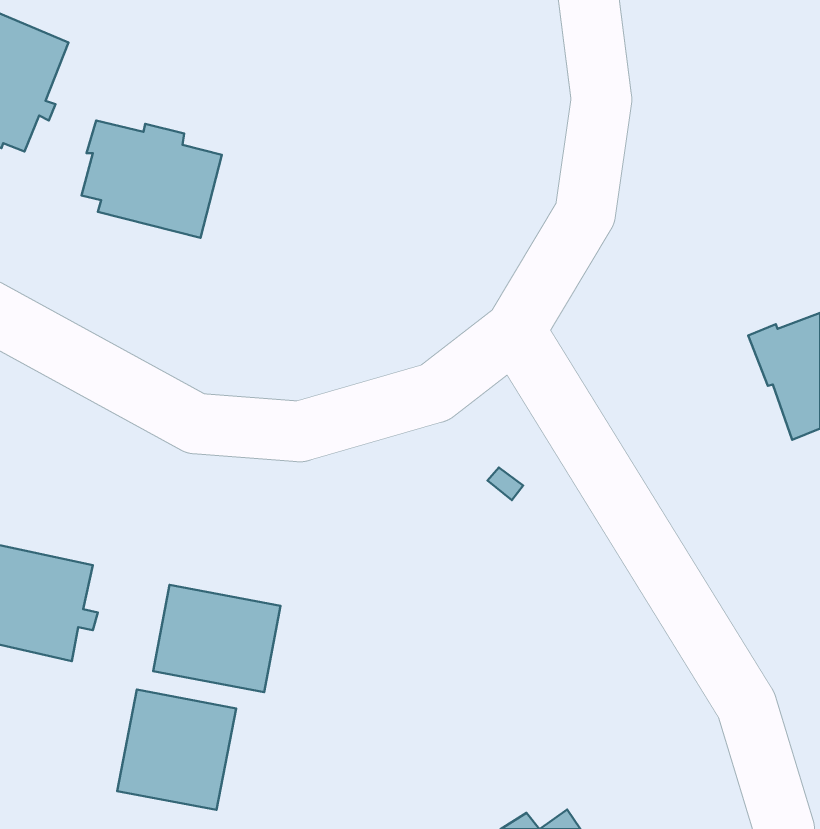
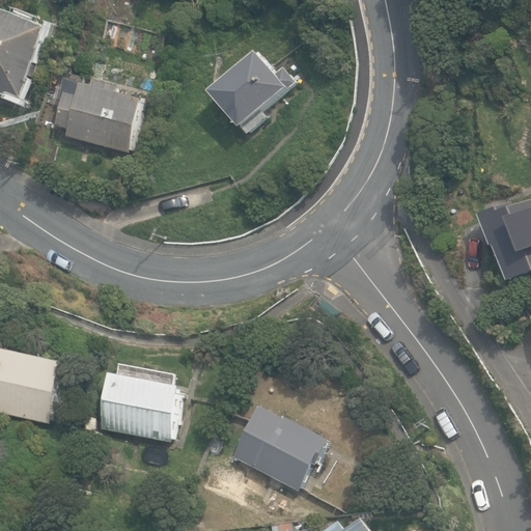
building: none -> [209,53,285,133]
building: none -> [230,404,327,488]
building: [117,689,236,810] -> none

